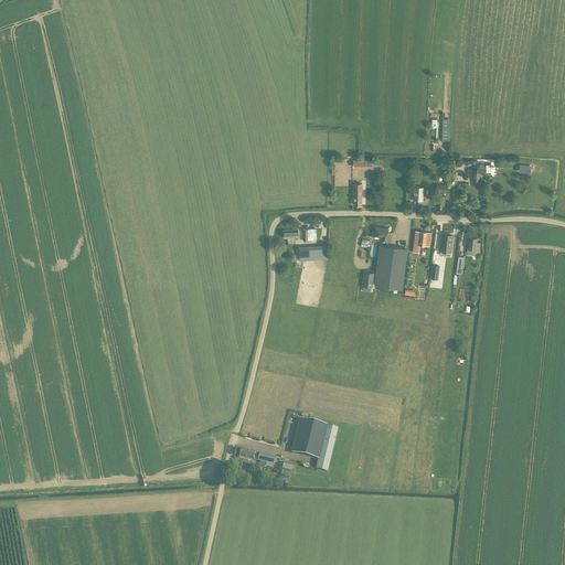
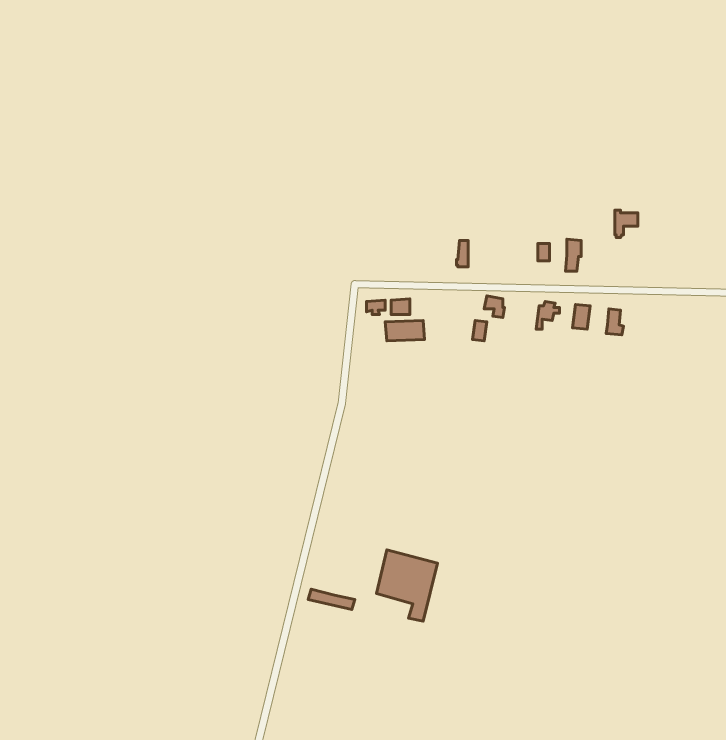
building: [374,243,407,288] -> none

